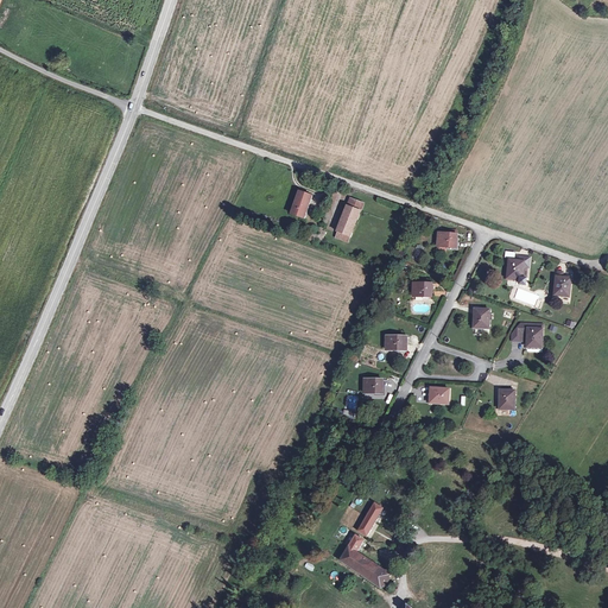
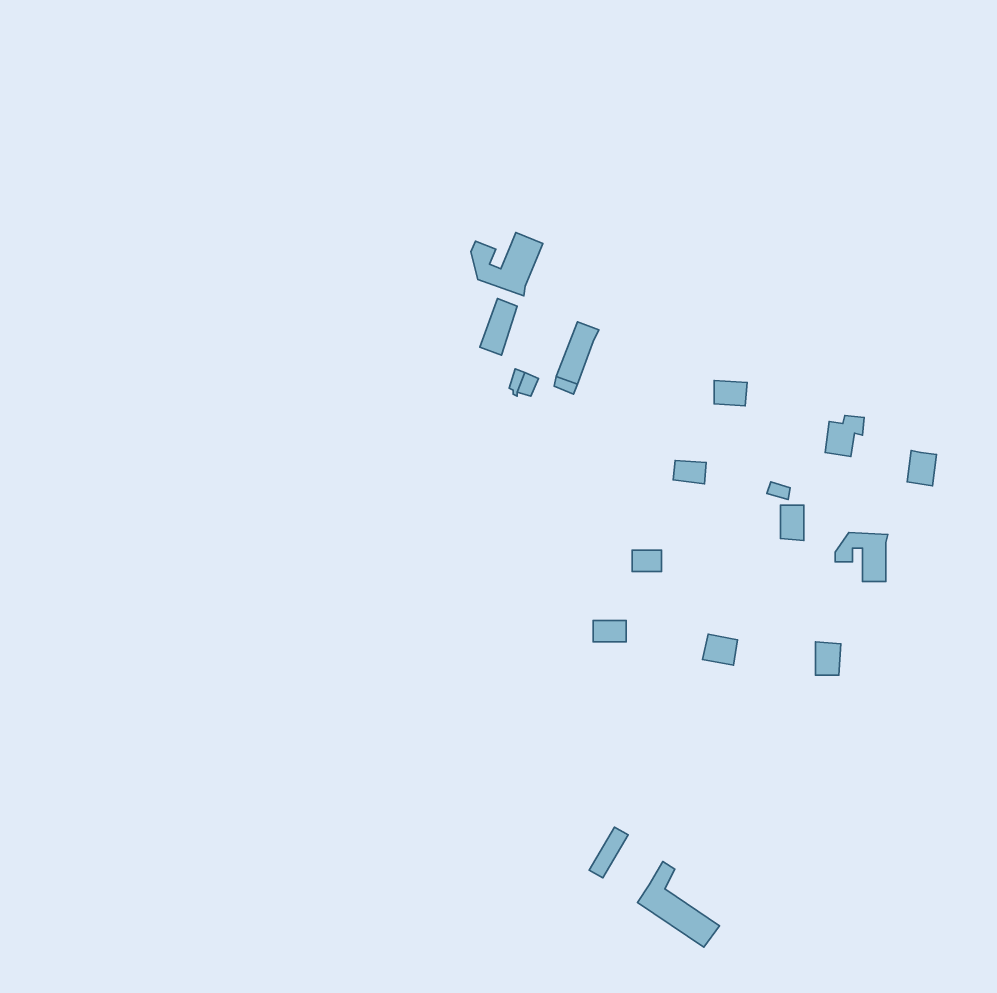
building: none -> [471,232,543,296]
building: [341,534,391,587] -> [638,861,720,947]

